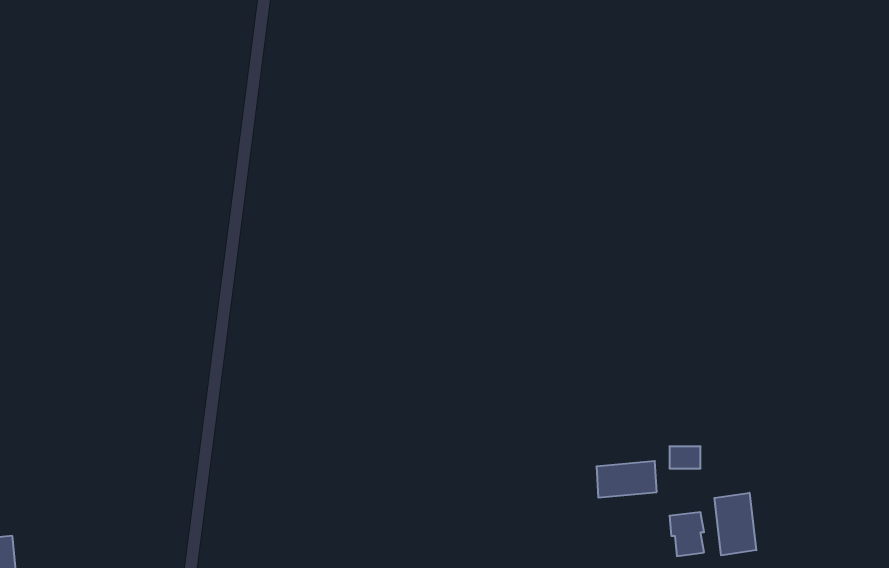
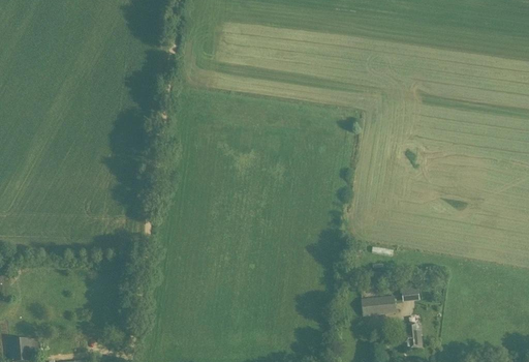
building: [714,493,756,555] -> none

